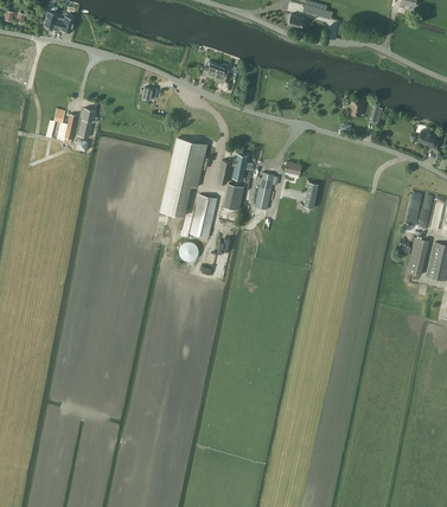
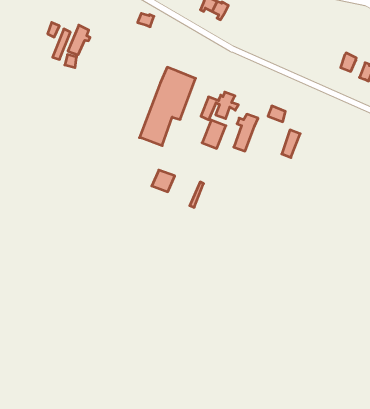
building: [190,194,218,238] -> none

